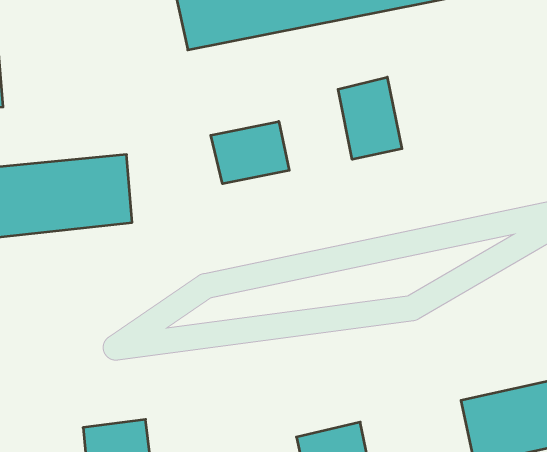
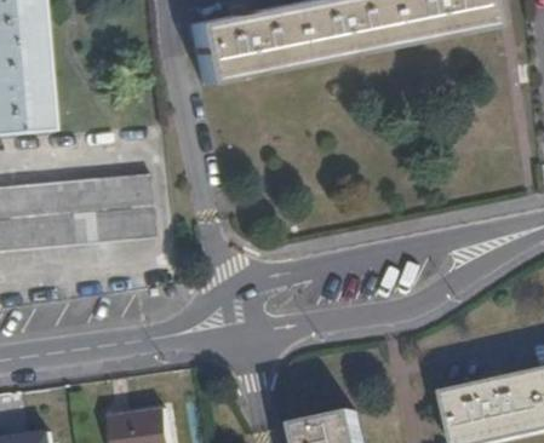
building: [338,77,402,159] -> none
building: [211,121,289,184] -> none

